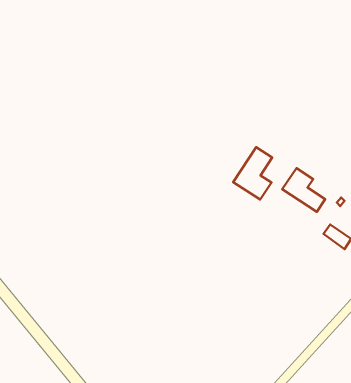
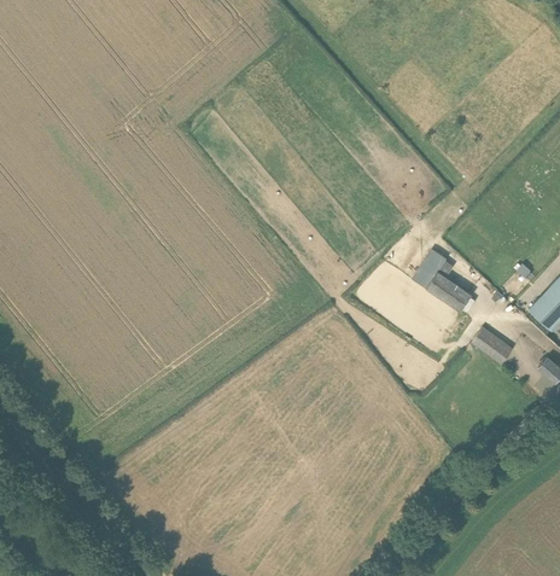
building: [233,147,272,199] -> none

